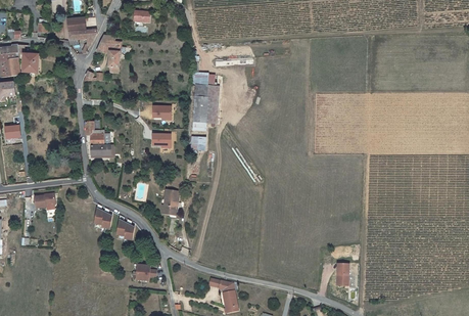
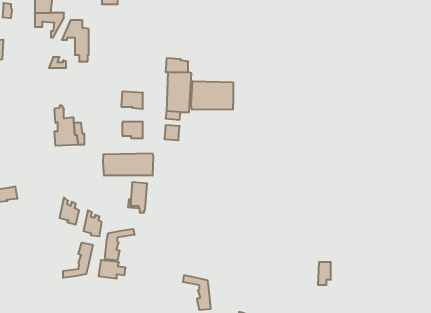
building: none -> [191,81,233,110]
building: none -> [103,153,153,176]
building: none -> [105,229,134,260]
building: none -> [63,243,93,278]

